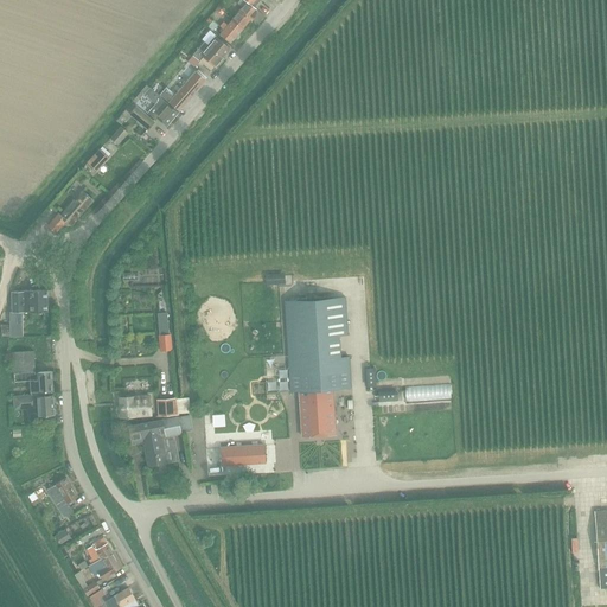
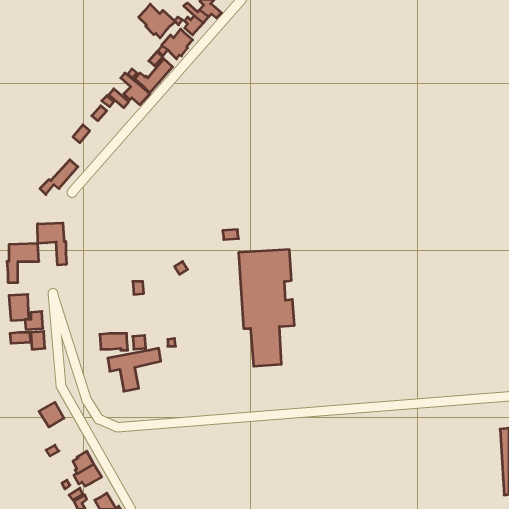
building: none -> [139,4,175,38]
building: none -> [38,223,66,265]
building: [221,443,264,466] -> none

